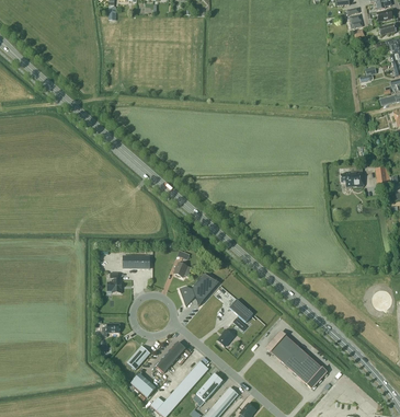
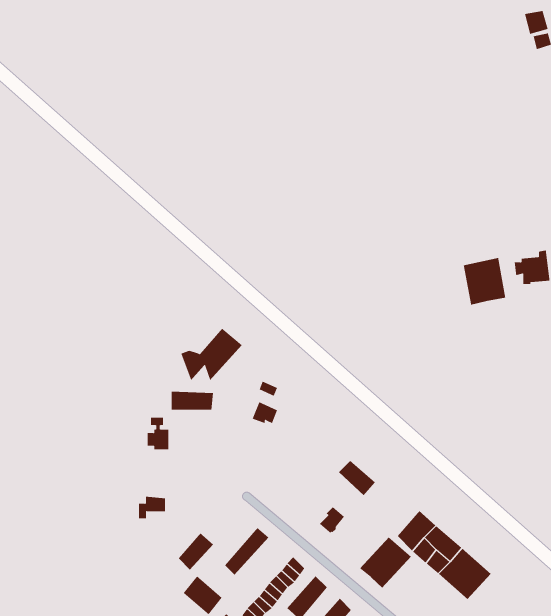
building: none -> [463,257,506,306]
building: [180,271,219,305] -> [180,328,243,381]
building: none -> [359,537,412,588]

